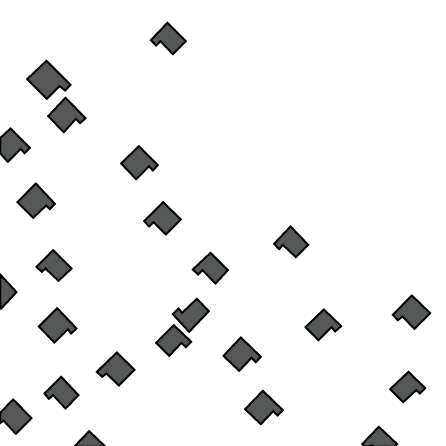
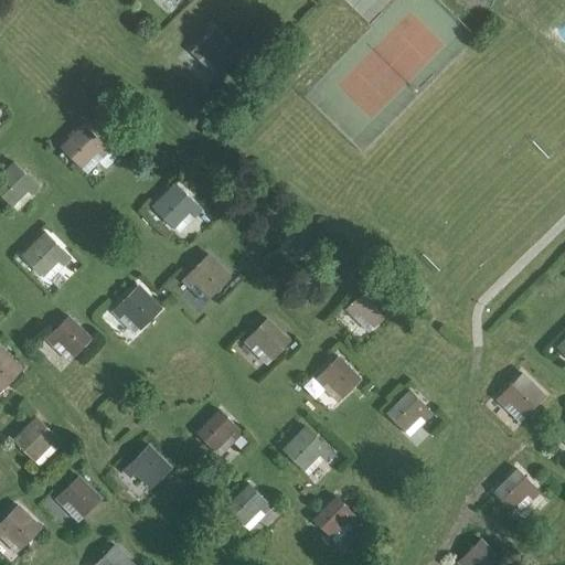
building: [27,61,71,99] -> none
building: none -> [113,287,160,329]
building: none -> [316,358,359,396]
building: [173,299,209,332] -> none
building: [39,308,76,342] -> [13,417,61,460]
building: none -> [226,484,274,526]

